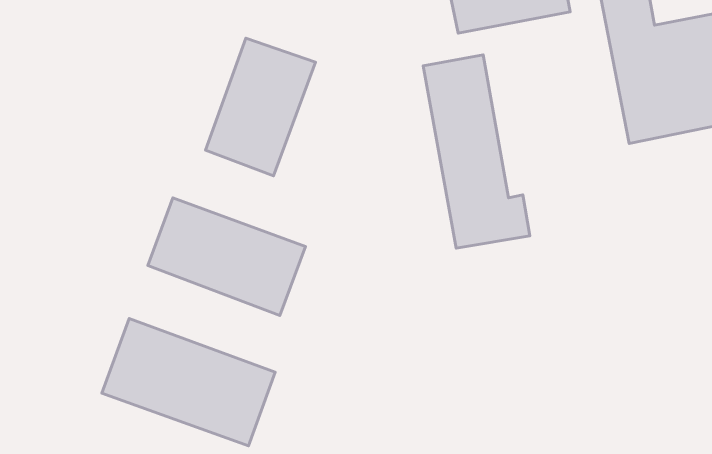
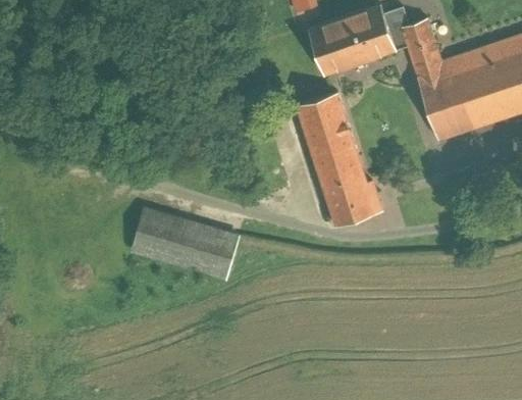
building: [206,38,315,176] -> none
building: [102,318,275,446] -> none

